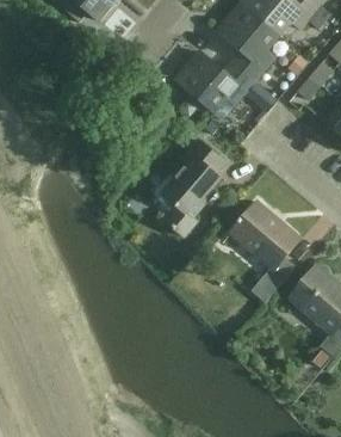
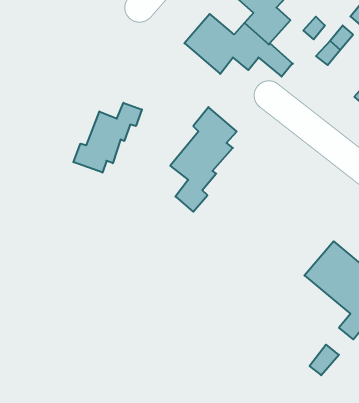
building: none -> [73,103,142,173]
building: [231,202,300,301] -> none

